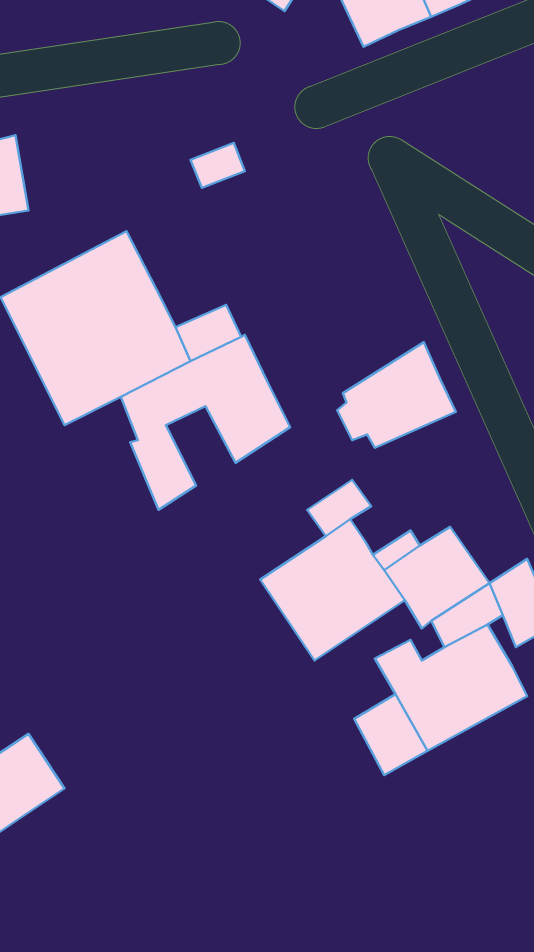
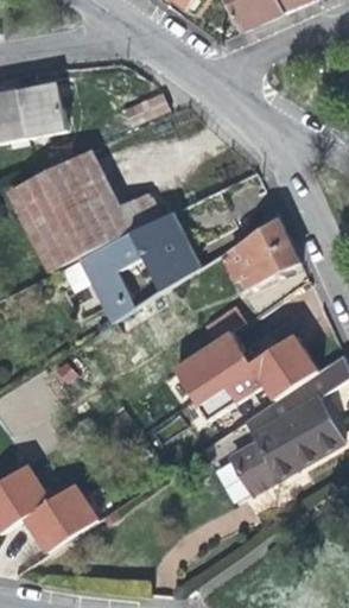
building: none -> [20,81,68,135]
building: none -> [26,484,99,551]

